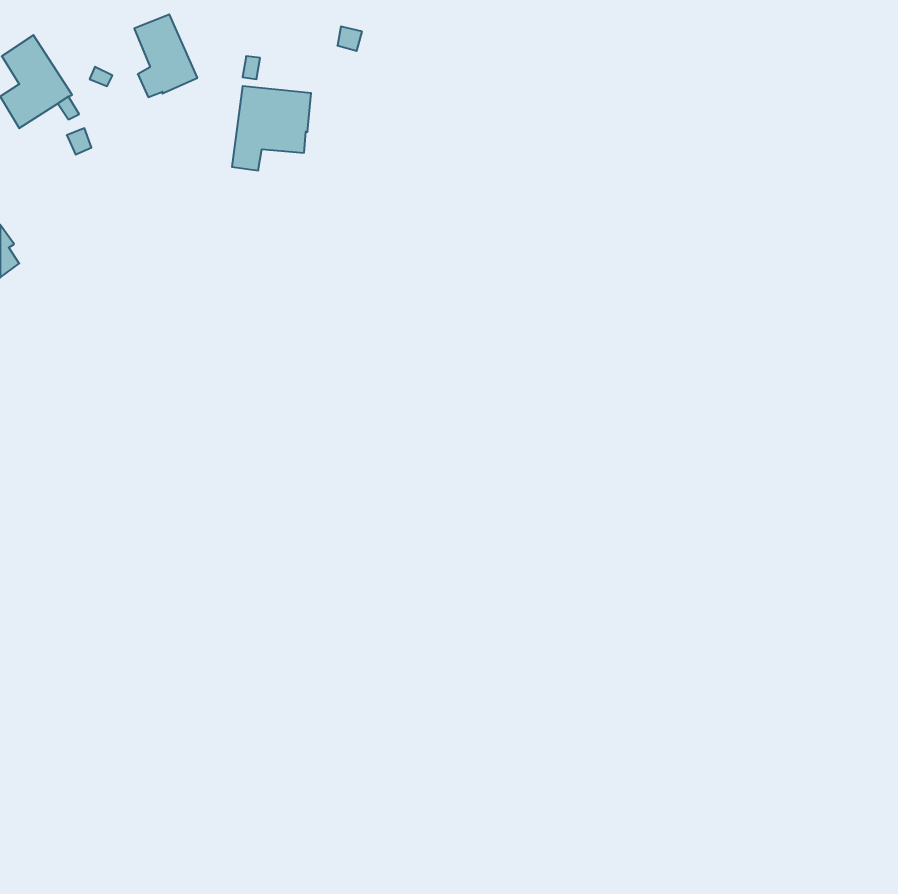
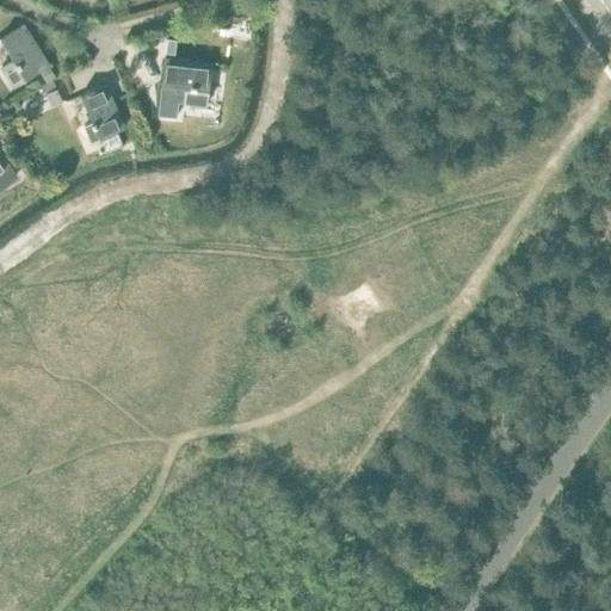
building: [134,14,197,97] -> [81,87,124,143]

